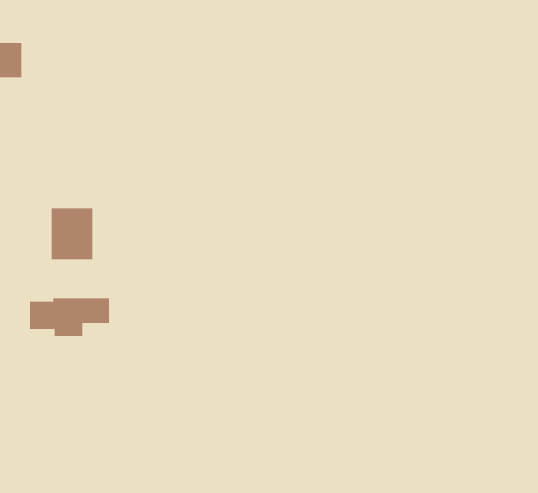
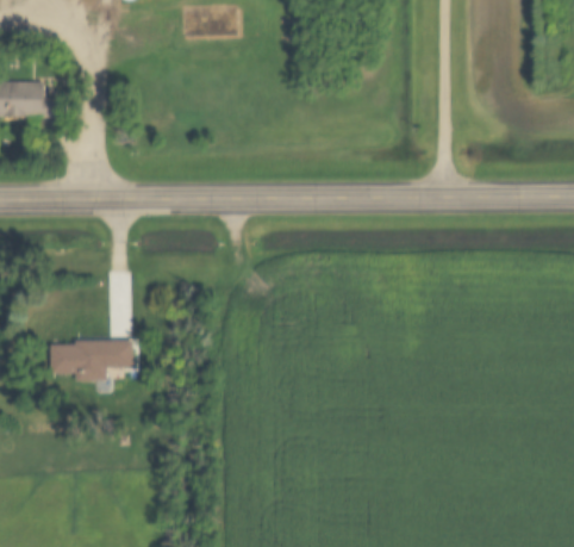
building: [51,208,93,260] -> none

